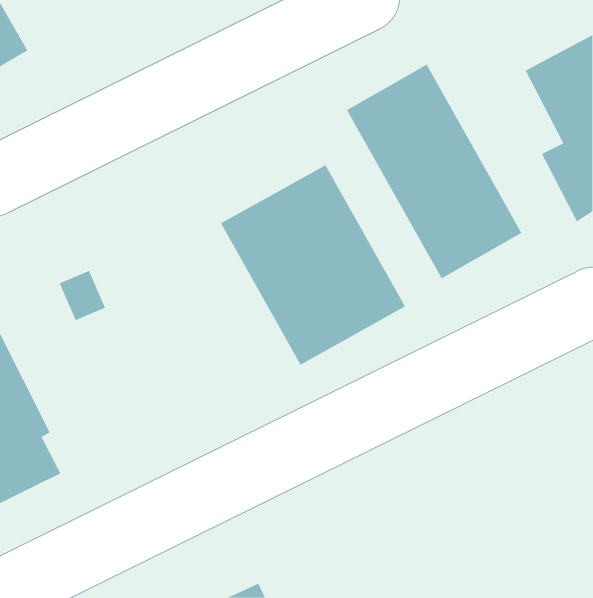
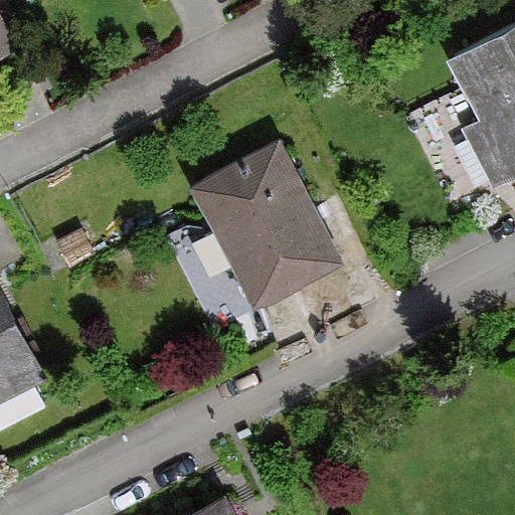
building: [346,64,522,279] -> none

